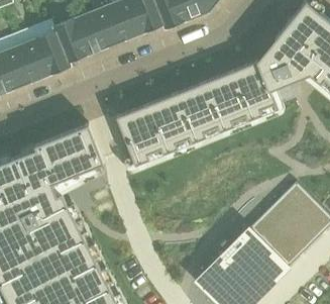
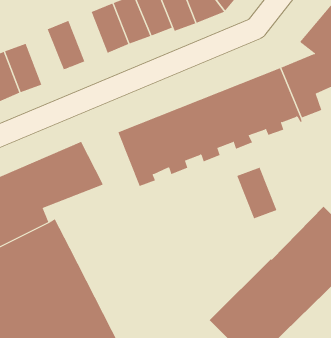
building: [73,11,106,55] -> none
building: [35,26,70,75] -> none
building: none -> [236,167,277,219]

